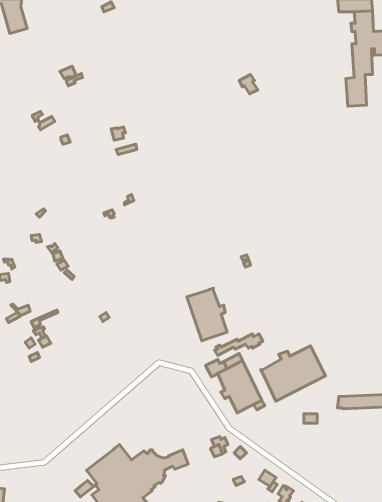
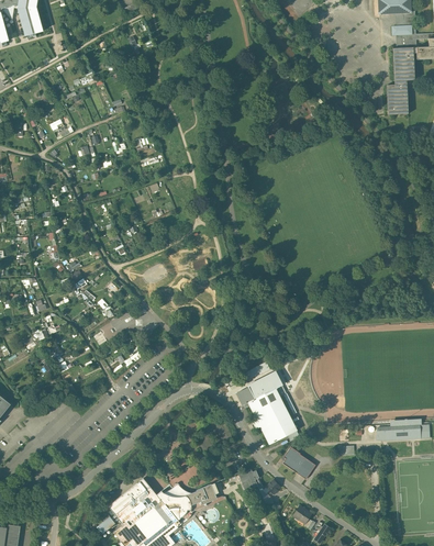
building: [187,288,227,341] -> none
building: [261,346,325,401] -> none
building: none -> [282,446,315,478]

